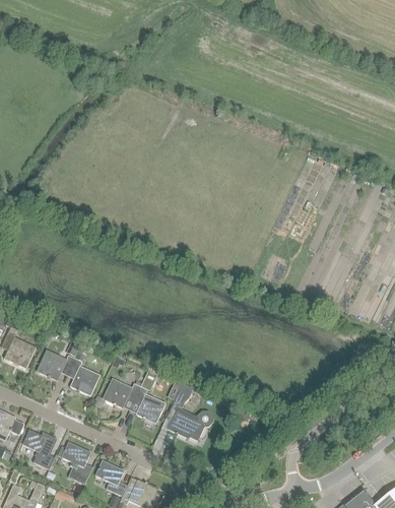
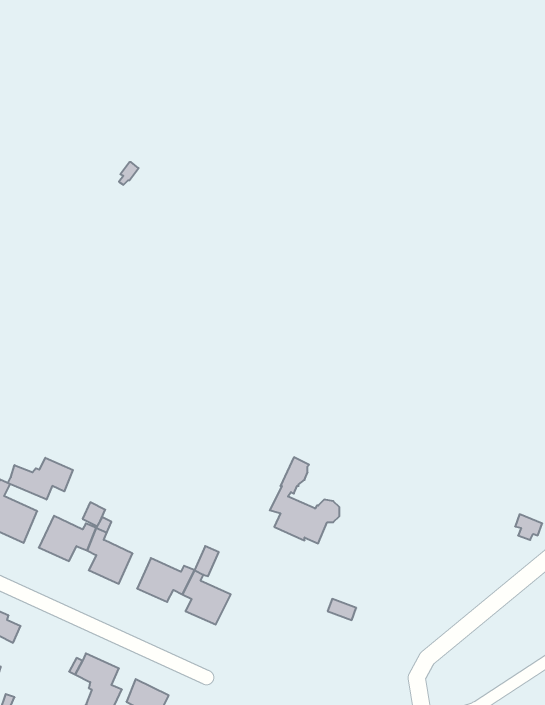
building: none -> [8,458,73,500]
building: [166,383,212,441] -> [270,457,339,543]
building: [19,431,57,469] -> none

